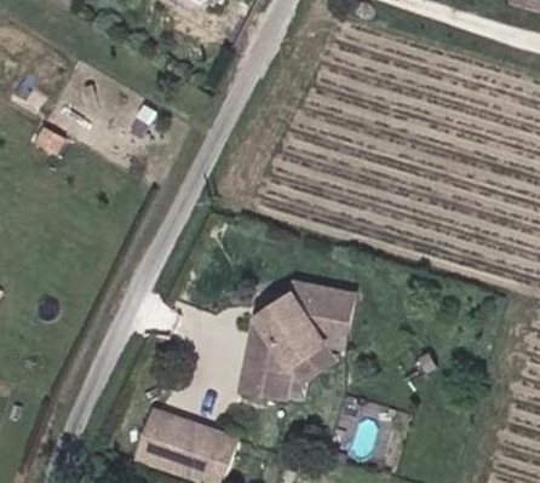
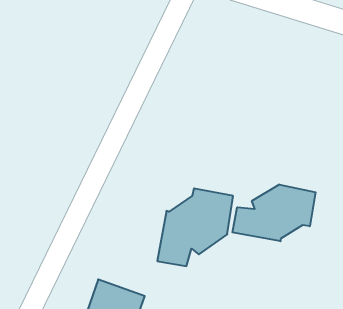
building: none -> [232,184,316,241]

